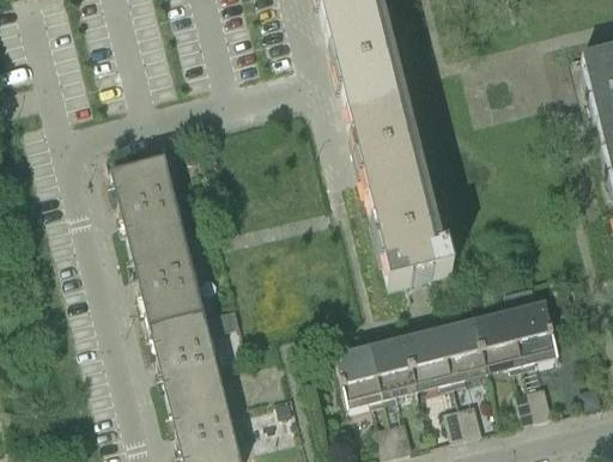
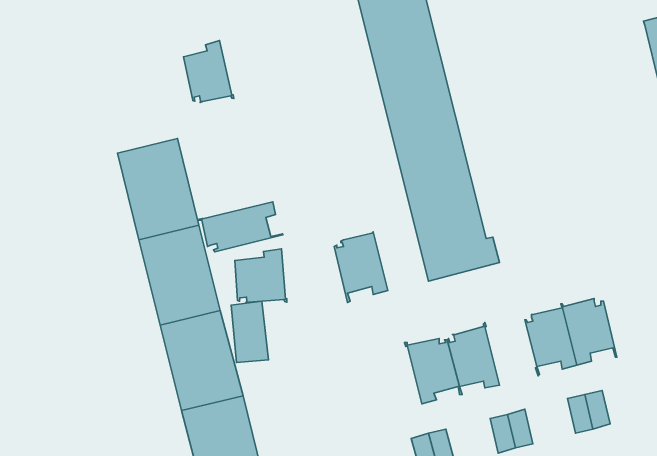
building: none -> [183,41,234,103]
building: none -> [198,202,283,252]
building: none -> [235,249,287,303]
building: [442,320,488,379] -> none
building: [338,344,386,407] -> [334,232,388,302]

